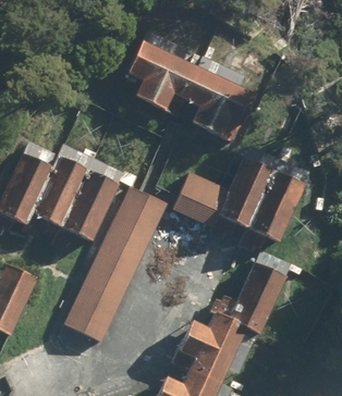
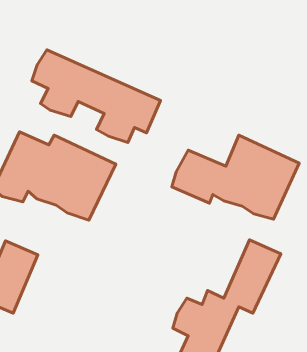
building: [124,41,254,135] -> [32,50,160,143]
building: [69,184,170,341] -> none

